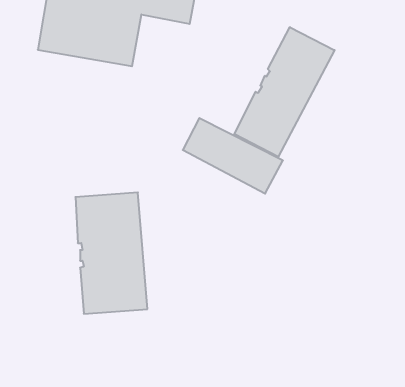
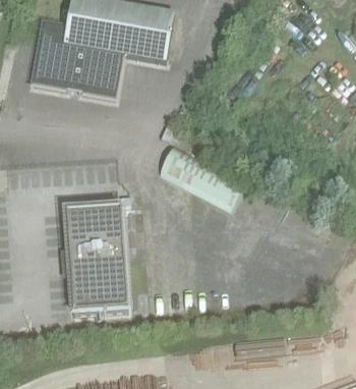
building: [234,27,335,157] -> none

